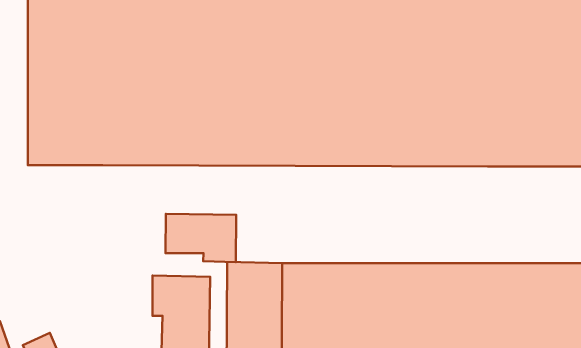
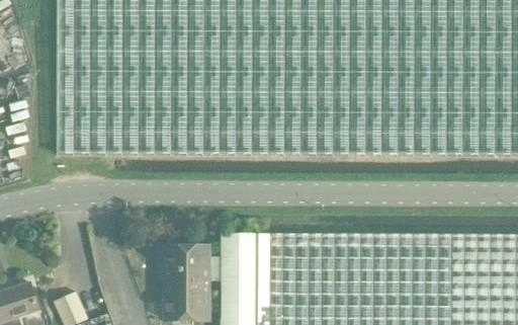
building: [166,214,236,262] -> none

